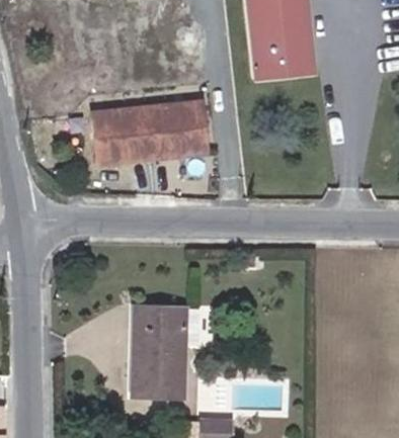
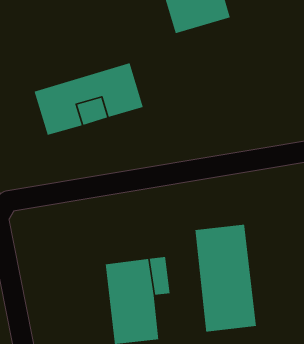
building: none -> [194,224,257,333]

